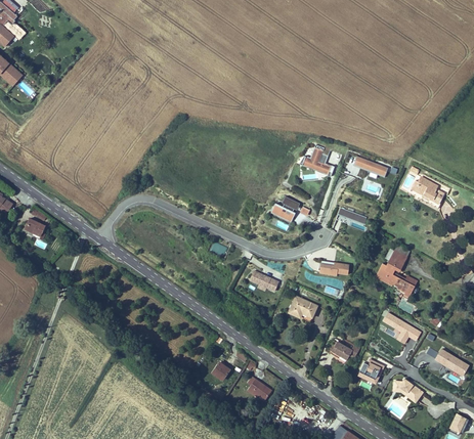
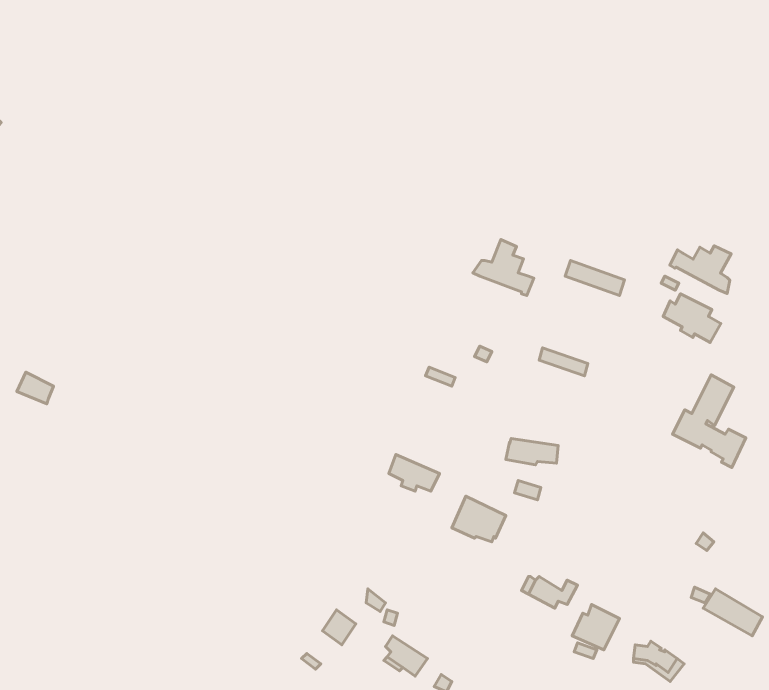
building: none -> [670,246,731,294]
building: [270,196,300,223] -> none
building: [375,244,418,298] -> [673,375,746,467]
building: [381,311,422,344] -> none

